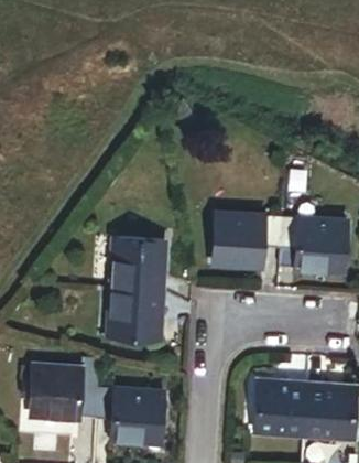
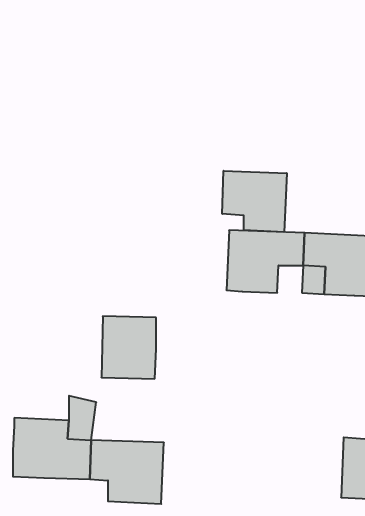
building: none -> [222,171,287,232]
building: [111,235,159,286] -> none
building: [265,386,315,438] -> none

